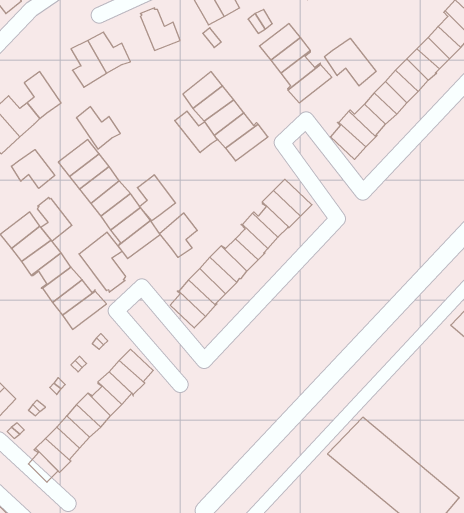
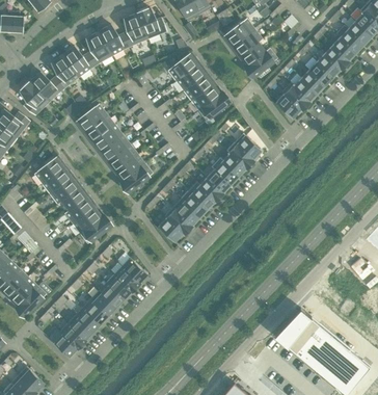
building: none -> [124,14,147,47]
building: [325,38,376,86] -> none
building: [76,107,120,149] -> [63,46,96,77]
building: [175,111,217,153] -> none
building: [11,150,55,188] -> none
building: [137,175,176,221] -> none
building: [38,197,72,241] -> none
building: [159,213,197,257] -> none
building: [79,232,125,292] -> none

